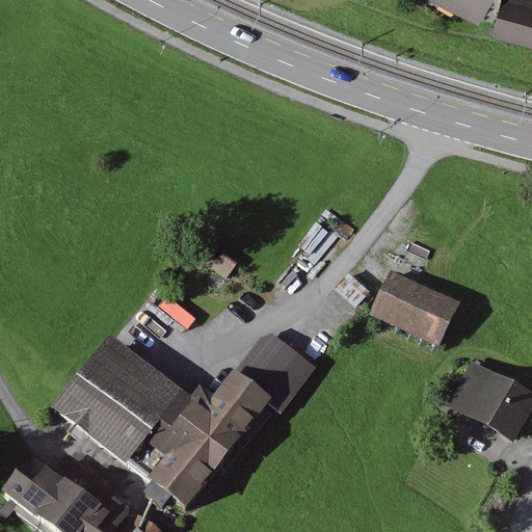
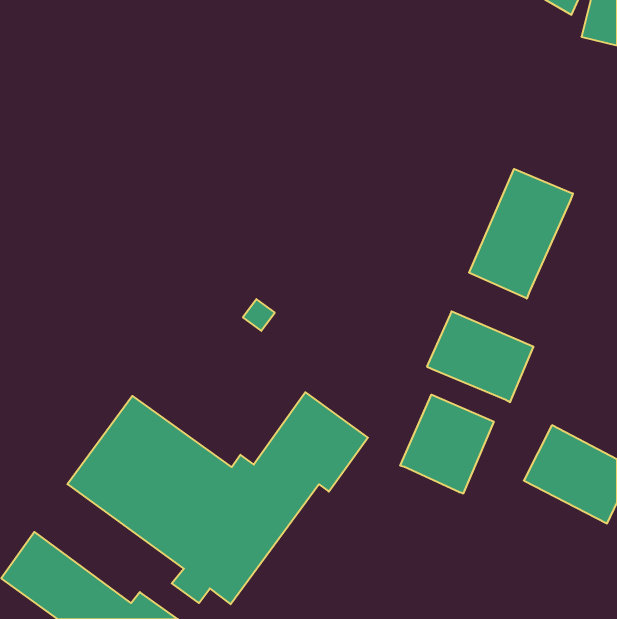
building: none -> [469,169,573,299]
building: none -> [400,395,494,494]

